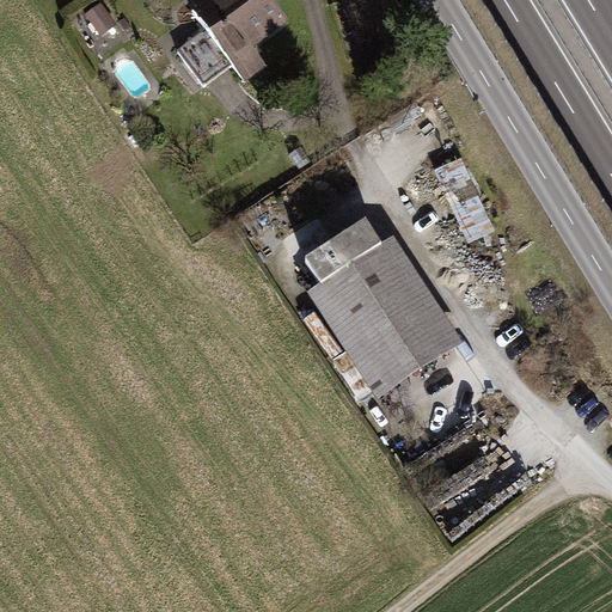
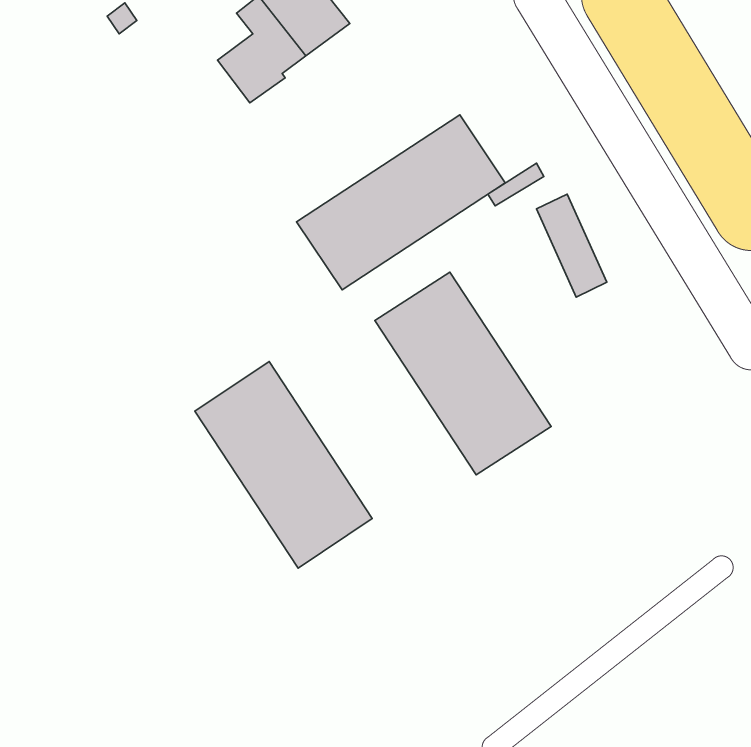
building: none -> [297,115,505,290]
building: none -> [195,362,372,568]

